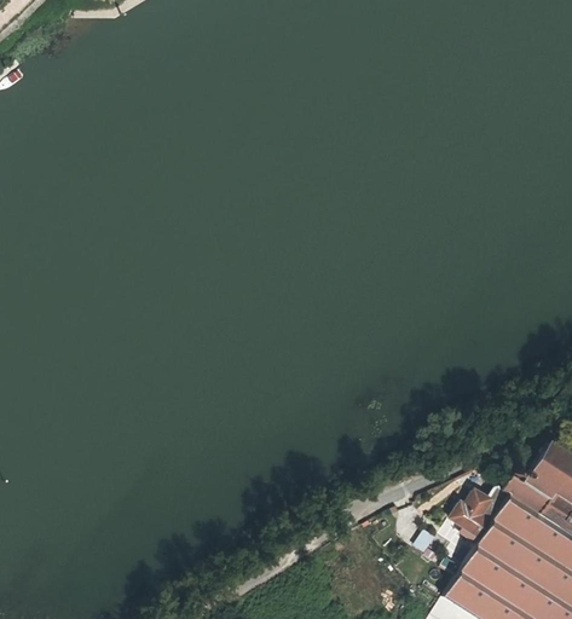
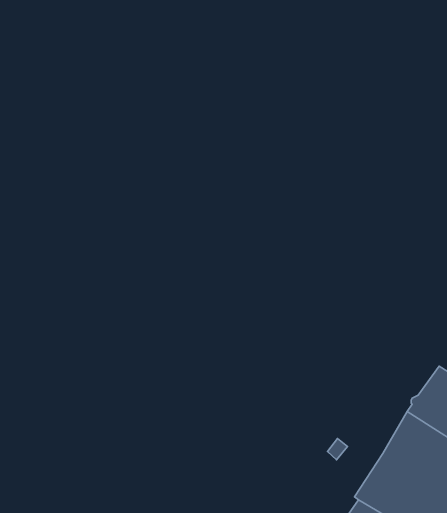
building: [450,488,508,545] -> none

